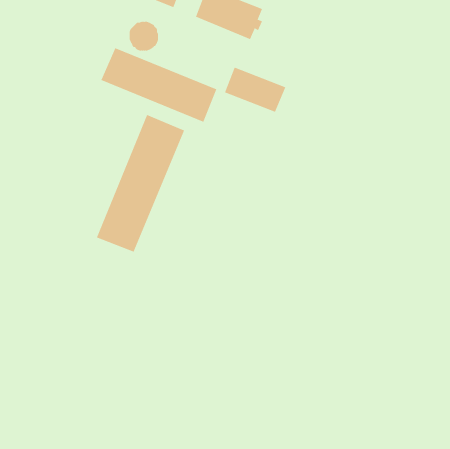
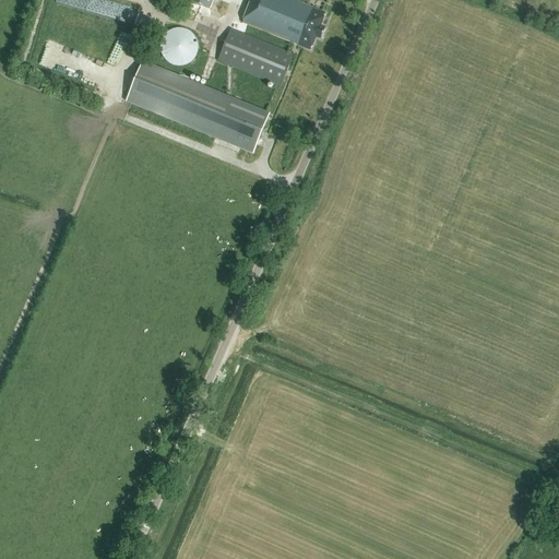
building: [224,67,286,113] -> [217,27,294,84]
building: [96,114,185,253] -> none

